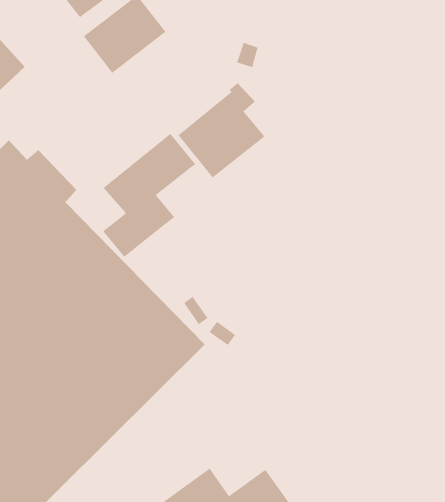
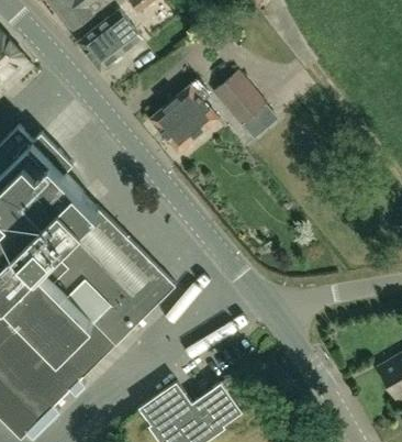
building: none -> [212,70,278,135]
building: [102,133,196,258] -> none

